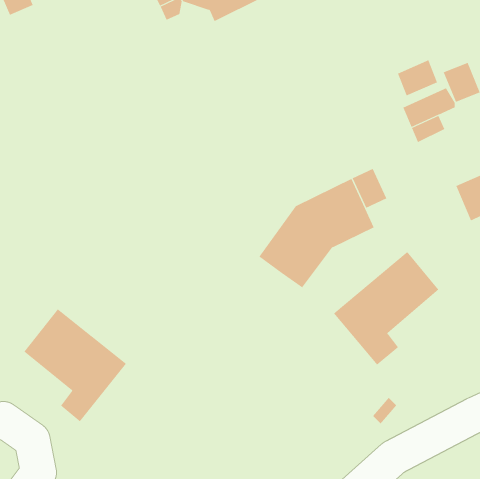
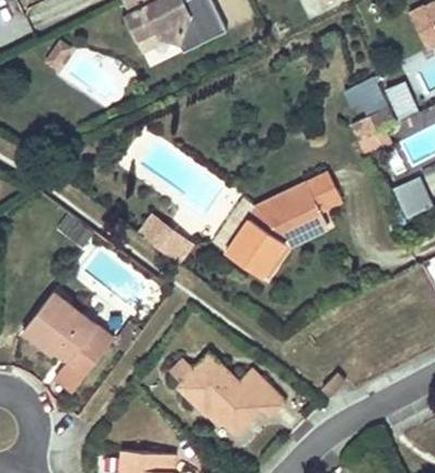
building: none -> [139,212,192,261]
building: [333,251,439,366] -> none
building: none -> [170,356,282,434]

